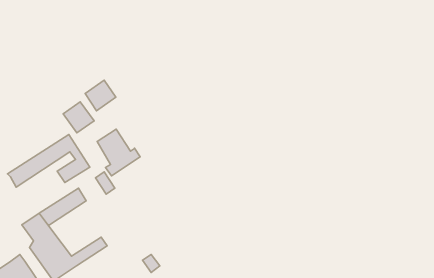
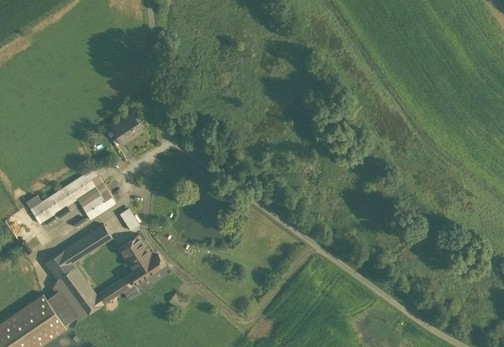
building: [63,102,94,133] -> none
building: [97,129,140,176] -> [117,236,162,285]

